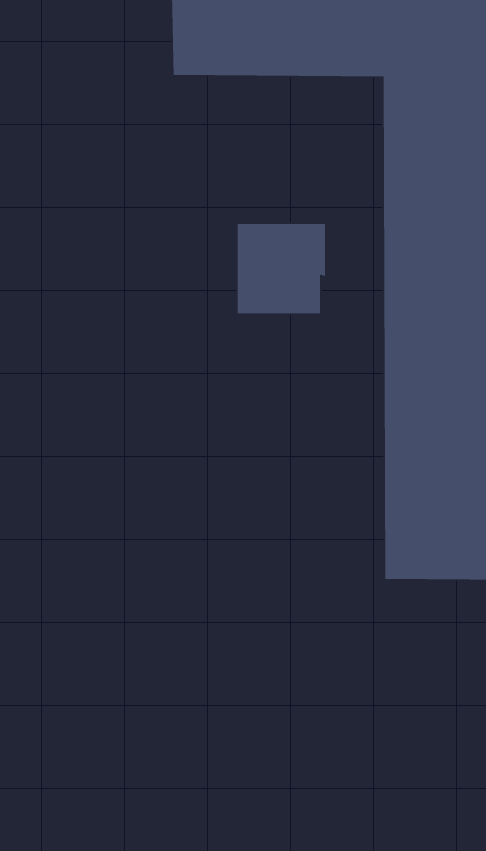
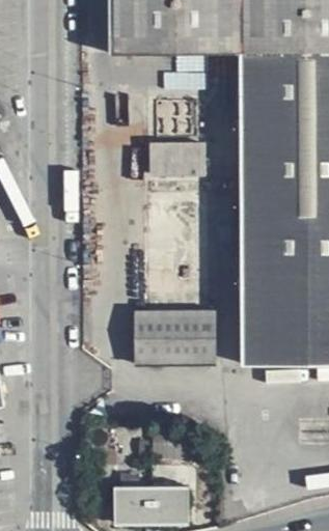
building: none -> [134,309,214,364]
building: none -> [113,484,185,525]

